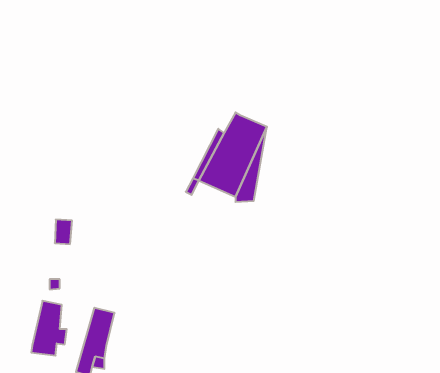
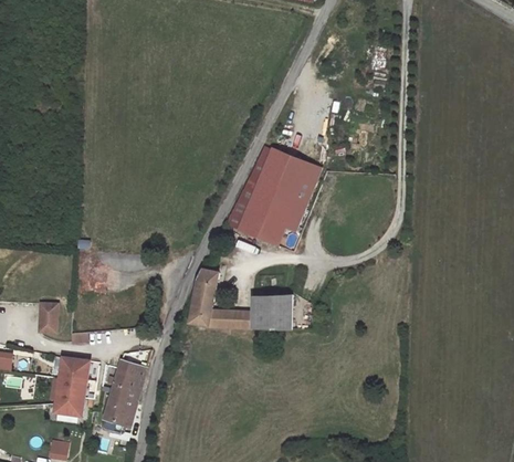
building: none -> [195,266,300,324]
building: [55,220,72,244] -> [34,305,53,332]

